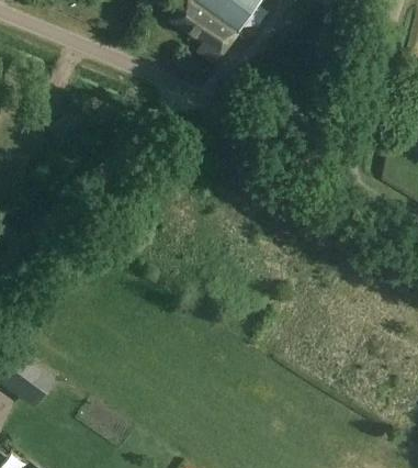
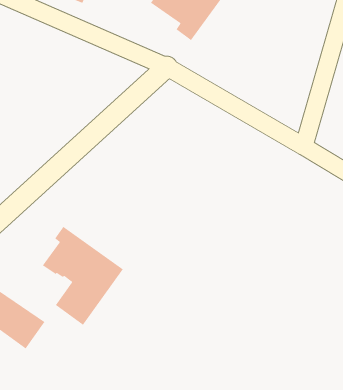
building: none -> [42,226,124,326]

